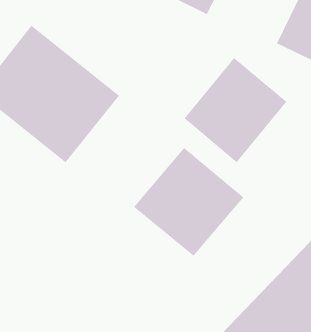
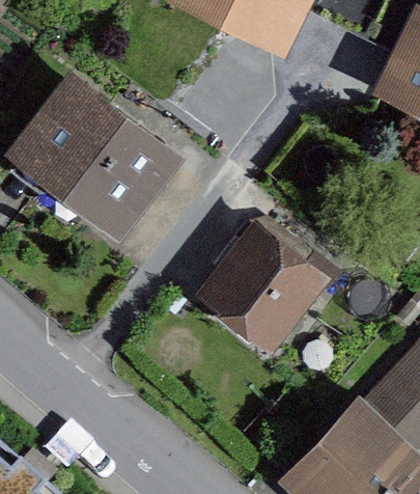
building: [184,57,287,163] -> none

